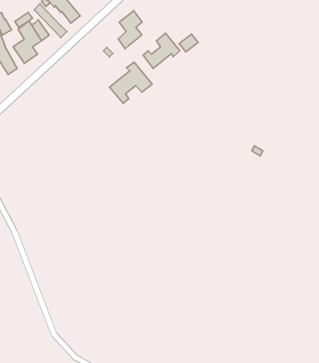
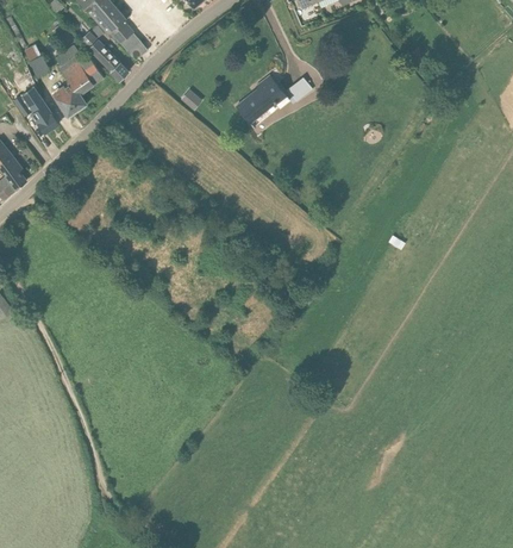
building: [118,10,142,49] -> none
building: [110,62,152,103] -> none

